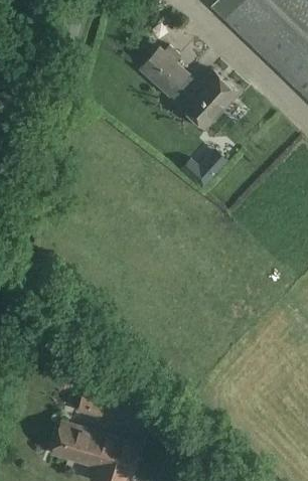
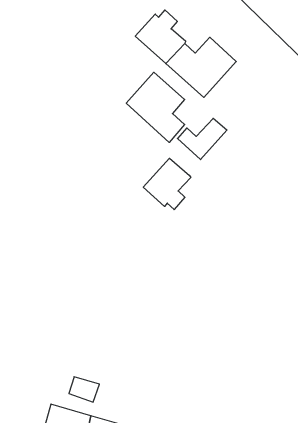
building: none -> [126,72,185,142]
building: none -> [143,158,191,210]

